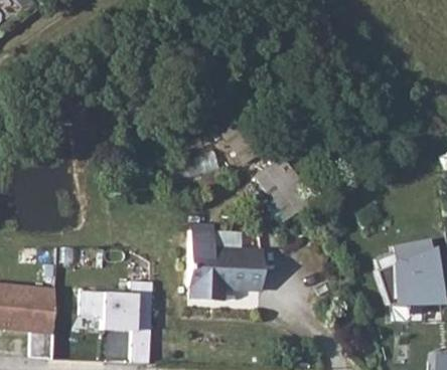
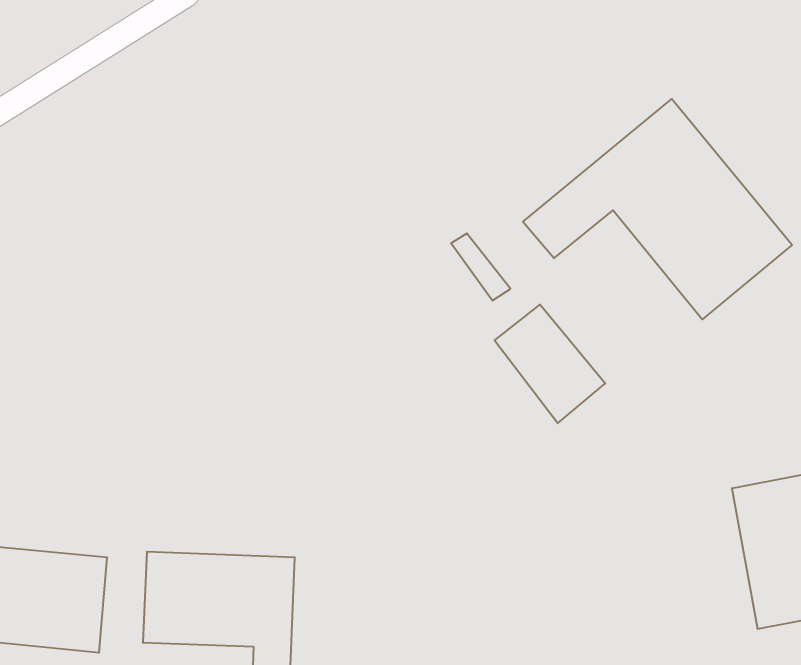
building: none -> [523,99,792,319]
building: [190,231,263,301] -> none

